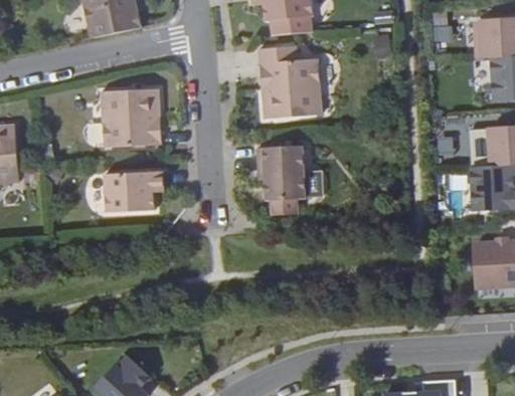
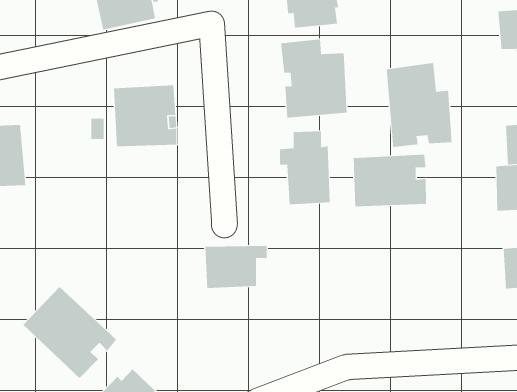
building: none -> [386,62,452,148]
building: none -> [353,154,426,207]
building: [111,175,170,215] -> [204,246,268,288]
building: none -> [23,286,117,379]

